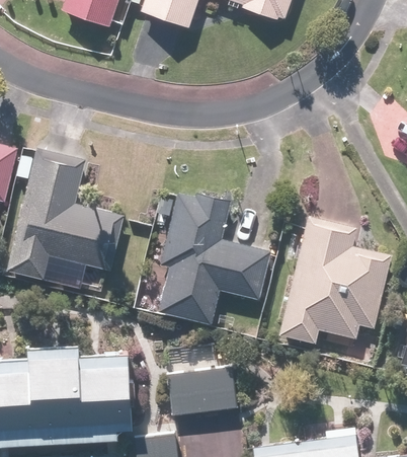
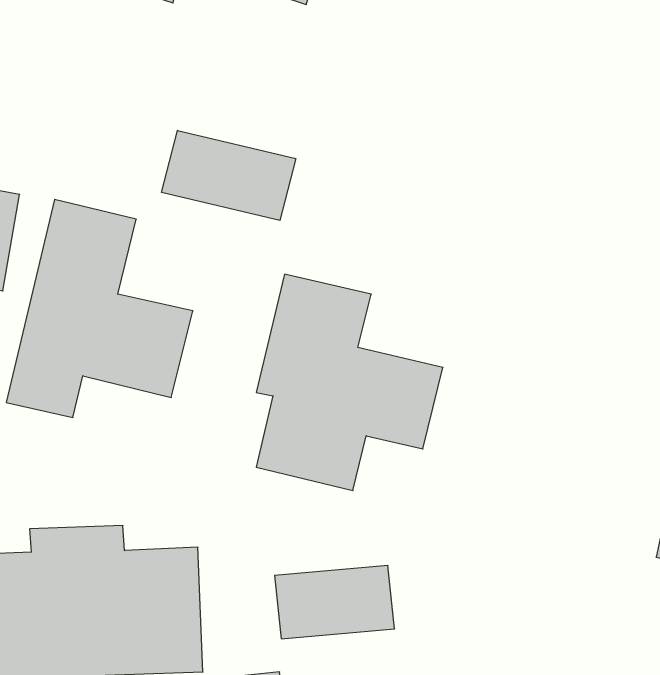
building: none -> [162,130,296,220]
building: [278,217,393,345] -> none

